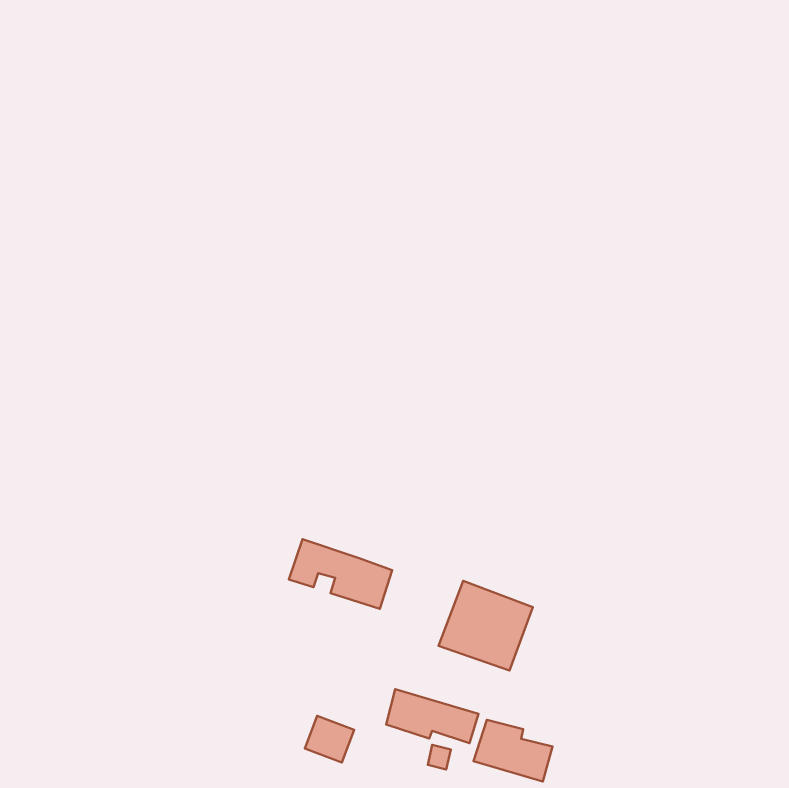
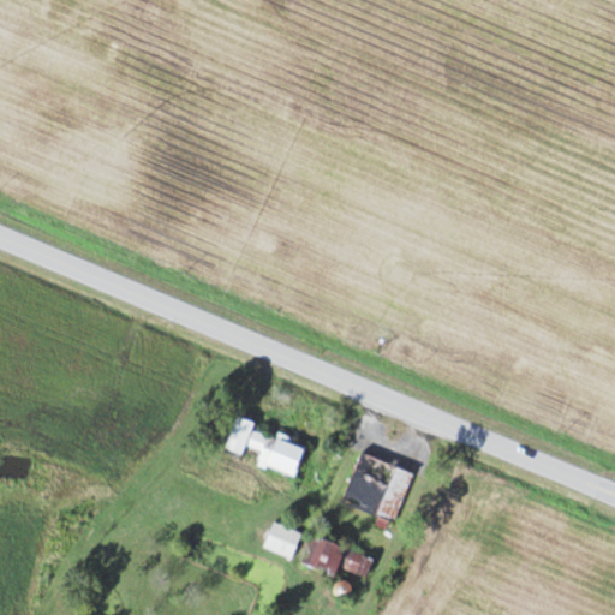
building: [305,716,354,762] -> [264,521,303,557]
building: [474,720,553,782] -> none

